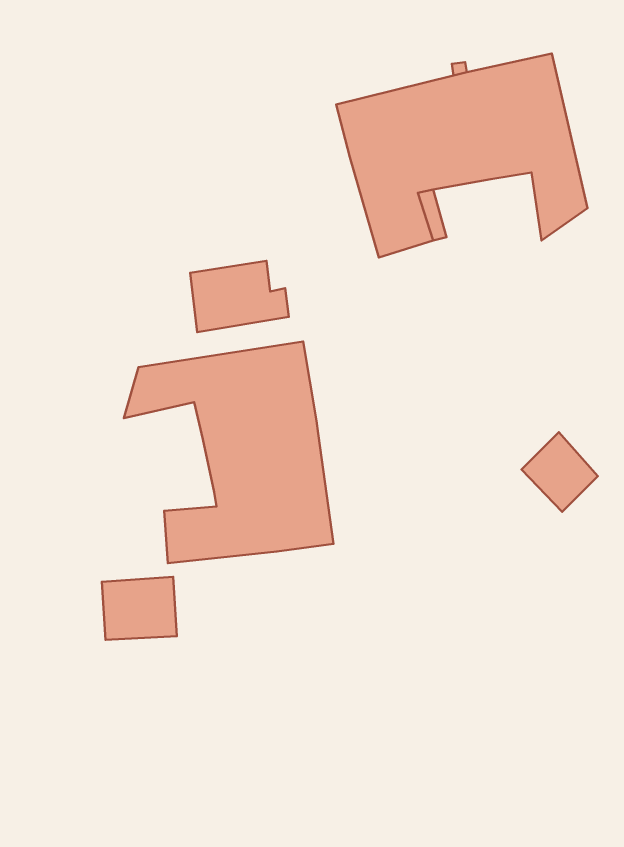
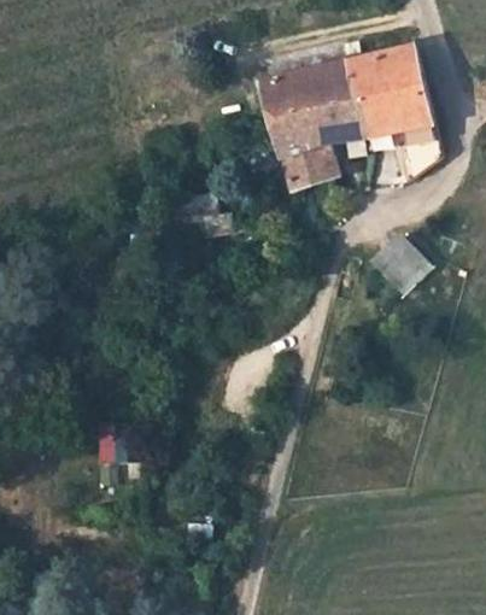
building: [124,342,333,563] -> none
building: [521,432,598,512] -> [373,234,427,291]

